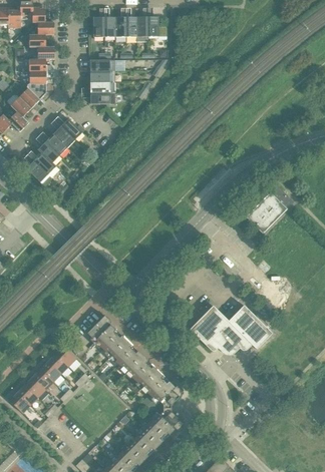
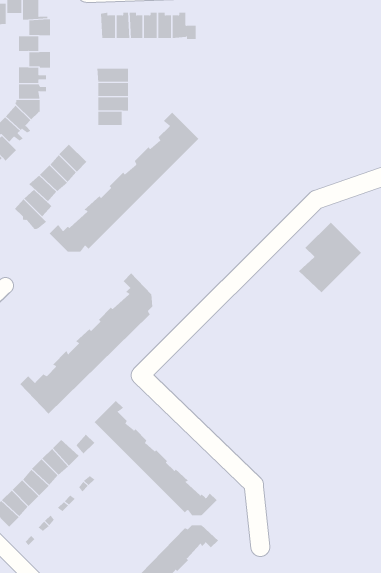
building: none -> [49,112,199,253]
building: none -> [20,272,153,414]
building: [190,305,272,353] -> none

